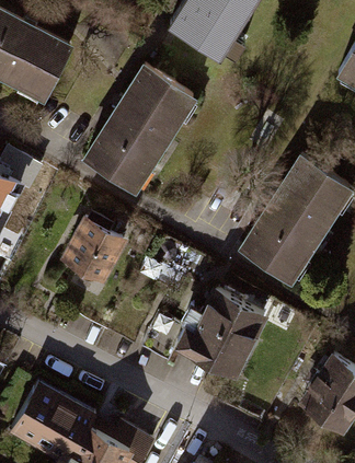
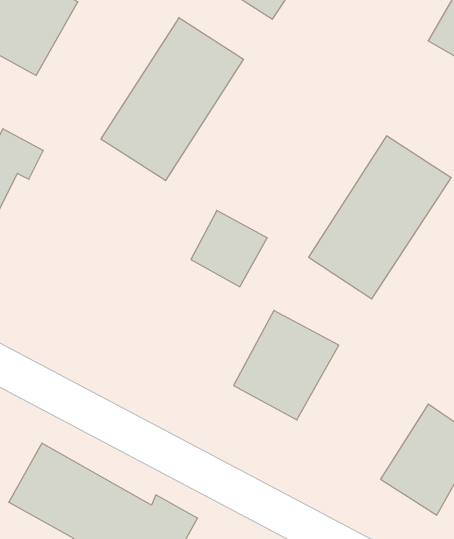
building: [67,216,125,274] -> [191,210,267,287]

